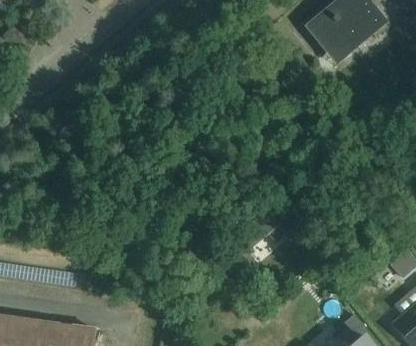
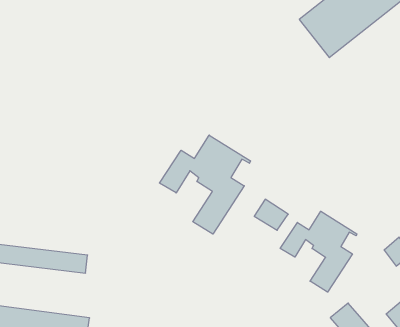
building: none -> [159,135,250,234]
building: none -> [280,211,357,292]

